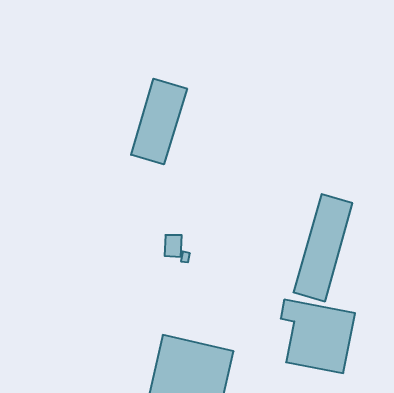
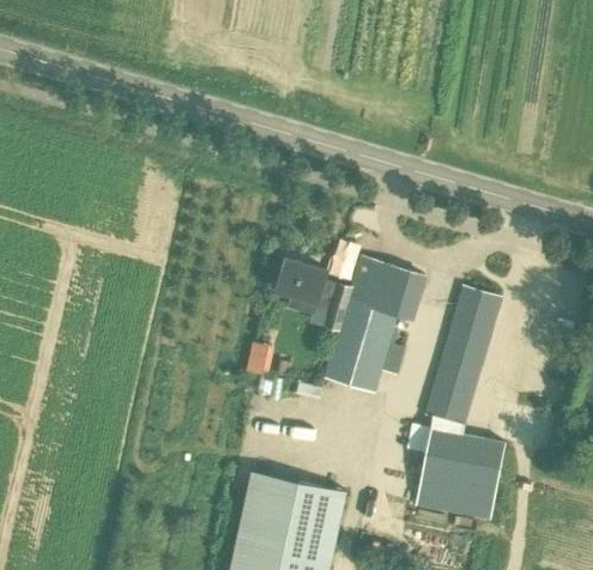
building: [131,79,187,164] -> none
building: none -> [277,257,426,392]

